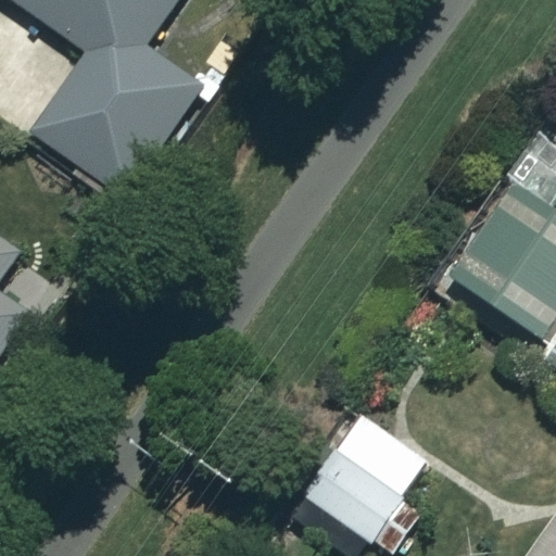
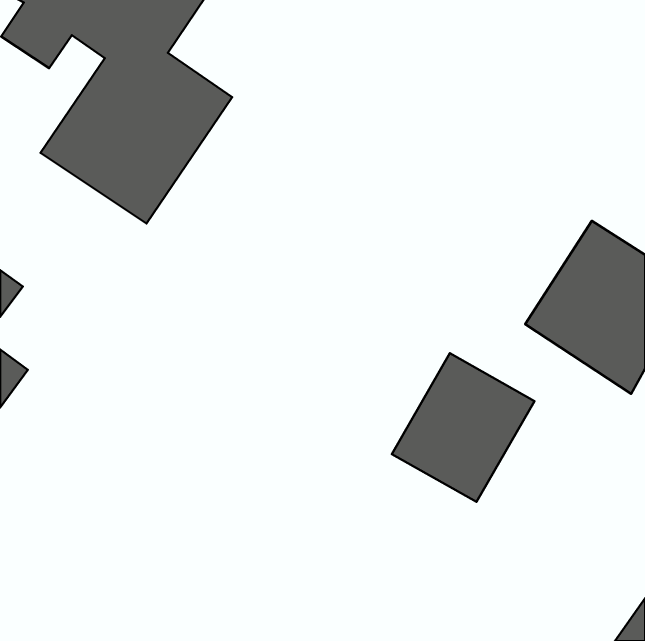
building: [306,415,429,543] -> [392,353,535,502]

